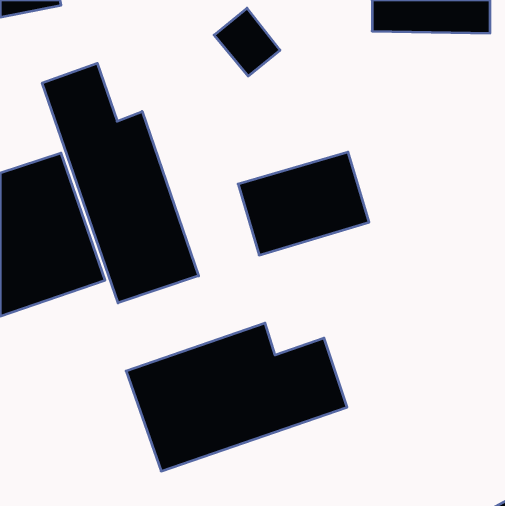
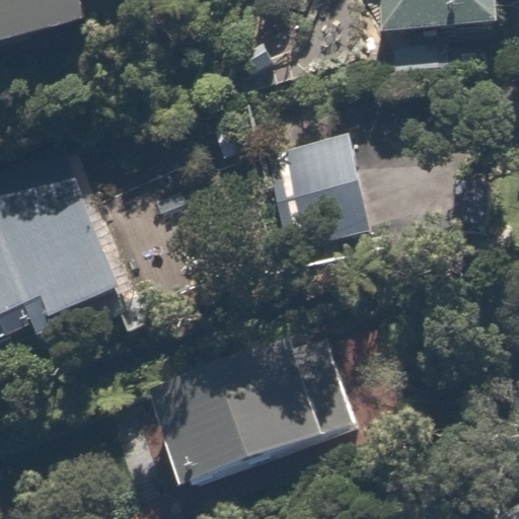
building: [42,63,199,303] -> none

